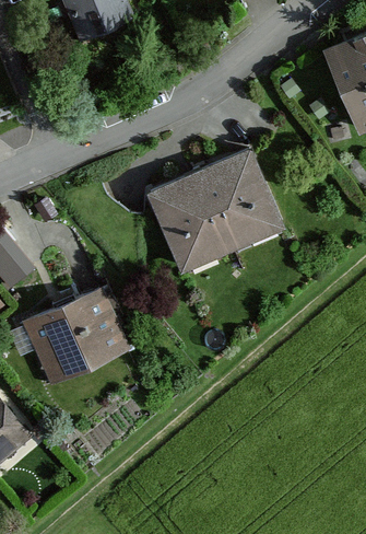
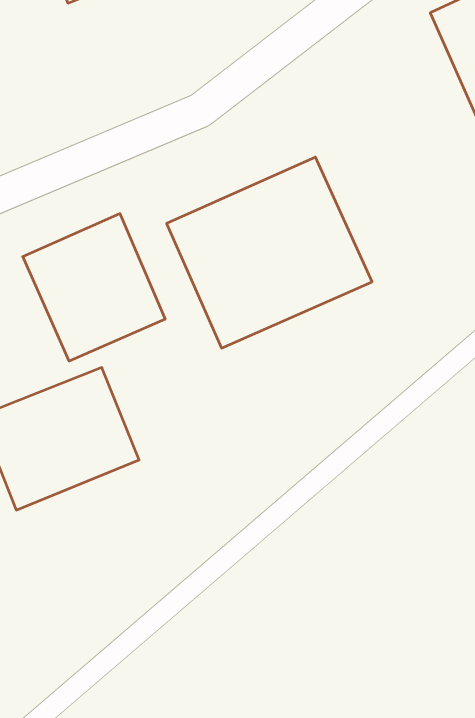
building: none -> [23,214,165,361]

